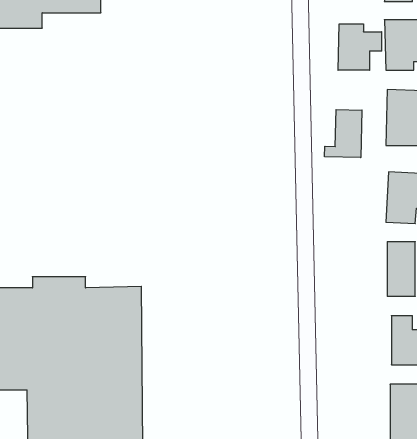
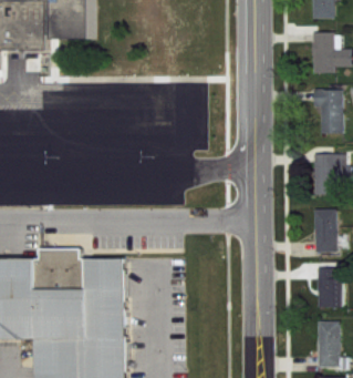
building: [338,24,382,70] -> none
building: [325,110,362,158] -> none

